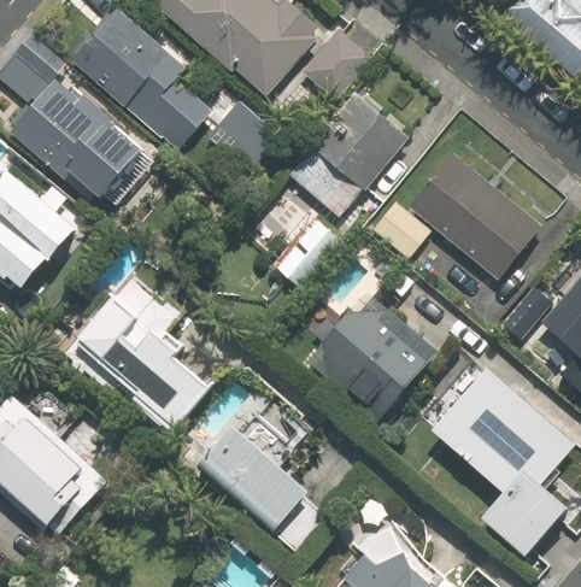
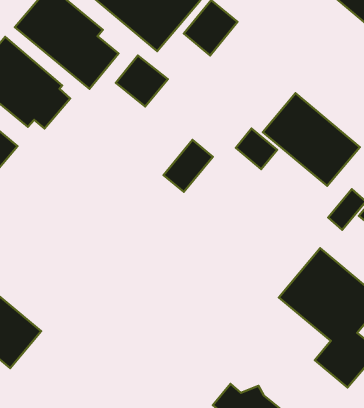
building: [288,93,409,218] -> none
building: [68,293,216,434] -> none
building: [305,293,435,423] -> none
building: [196,425,318,546] -> none

